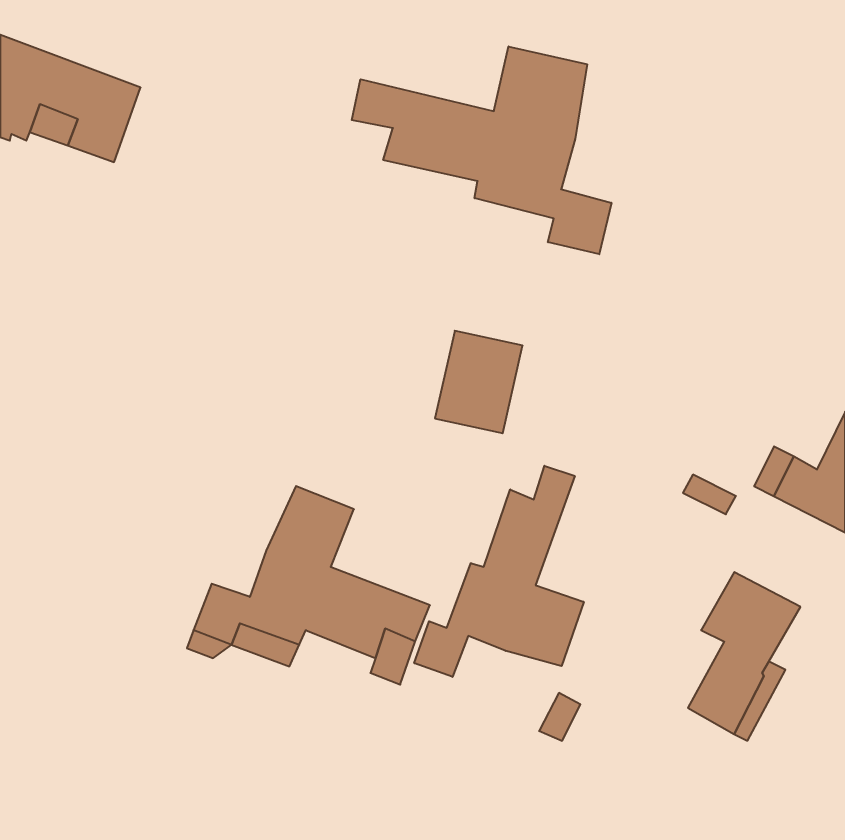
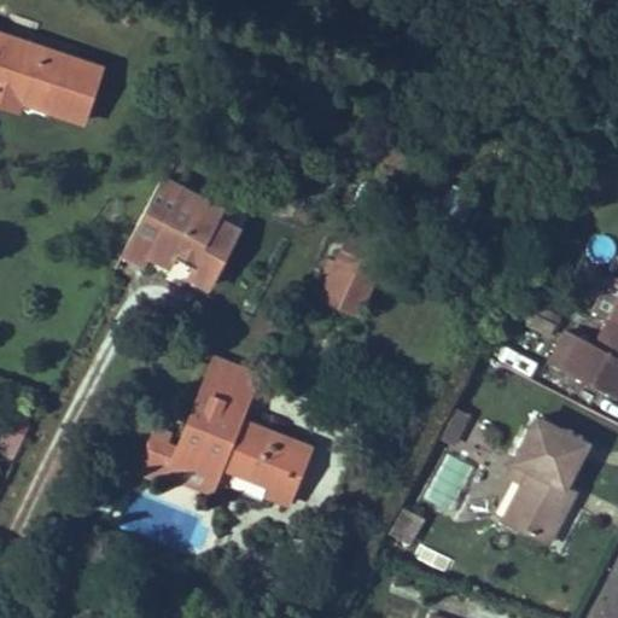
building: [352,46,611,254] -> none
building: none -> [123,180,244,301]
building: [414,466,584,677] -> none

